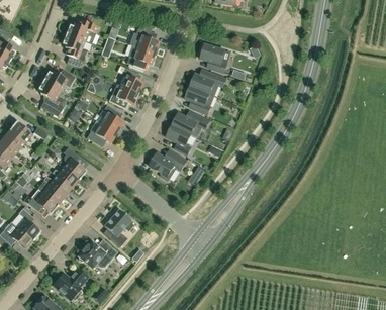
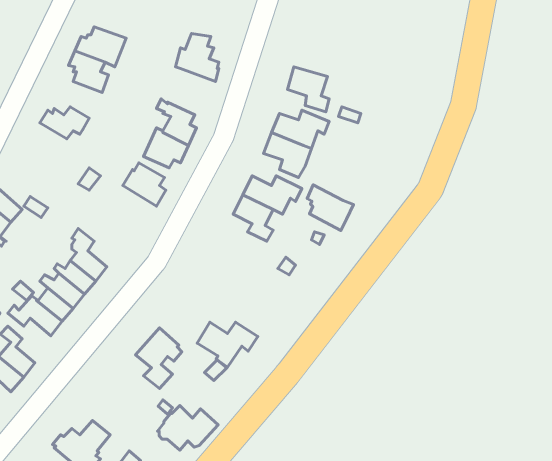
building: [127,45,155,69] -> none
building: [38,80,66,117] -> none
building: none -> [307,185,354,230]
building: [86,119,117,147] -> none
building: [149,152,187,181] -> [197,322,258,367]
building: [78,240,116,269] -> [157,405,218,450]

